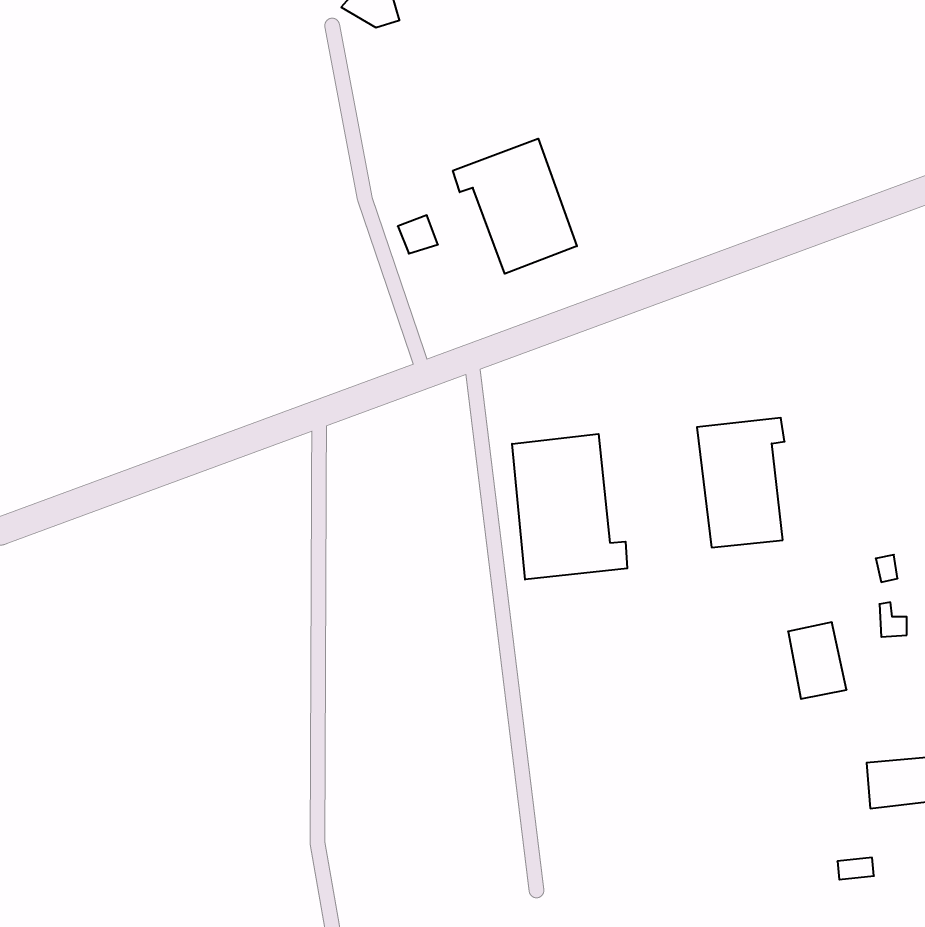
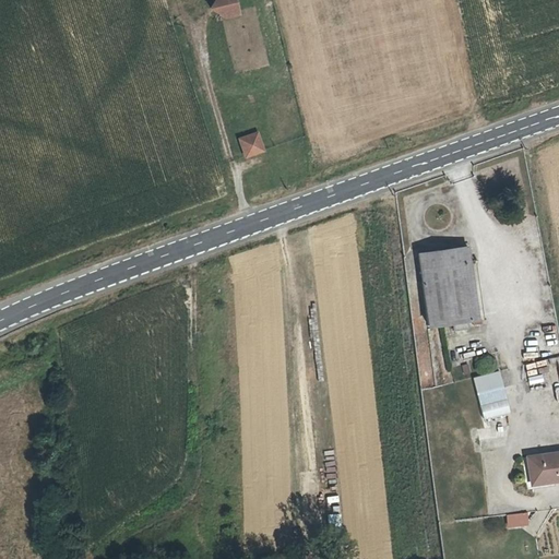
building: [453,139,577,274] -> none
building: [512,434,627,580] -> none

